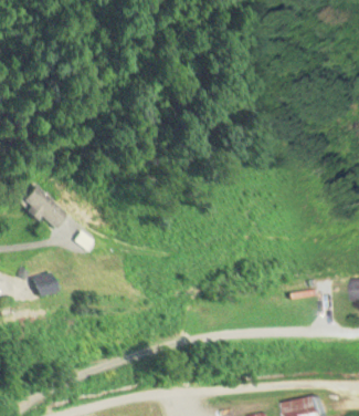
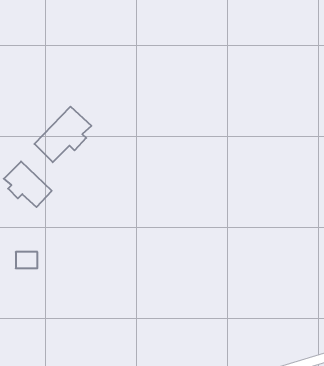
building: none -> [34,107,91,162]

